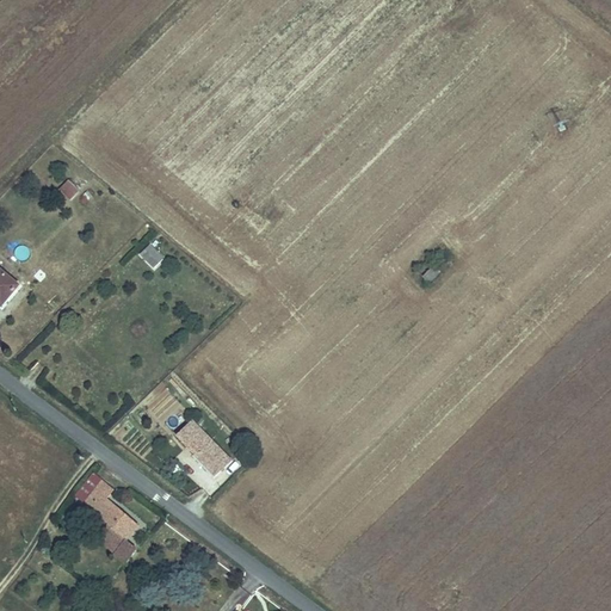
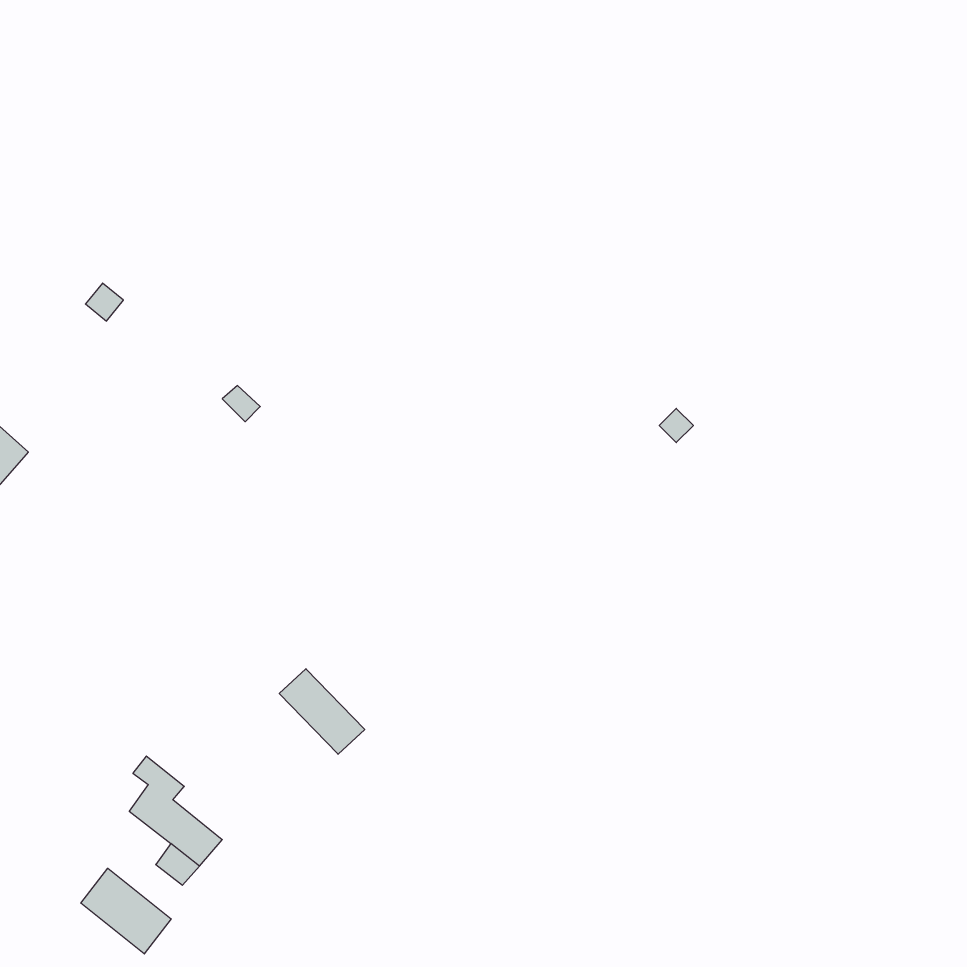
building: none -> [81,868,171,954]

